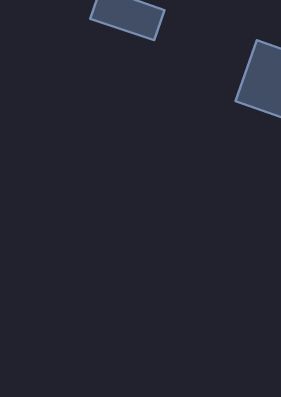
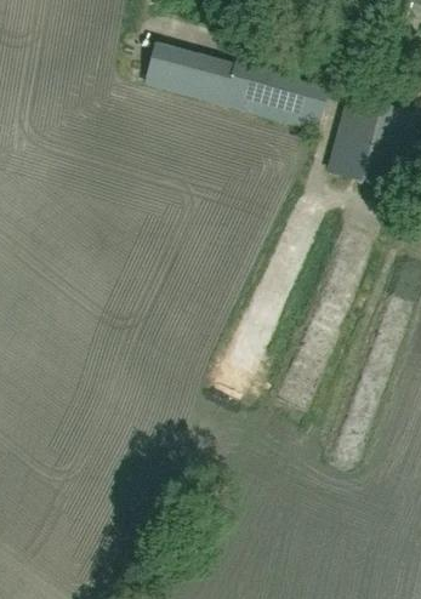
building: none -> [224,63,328,127]

